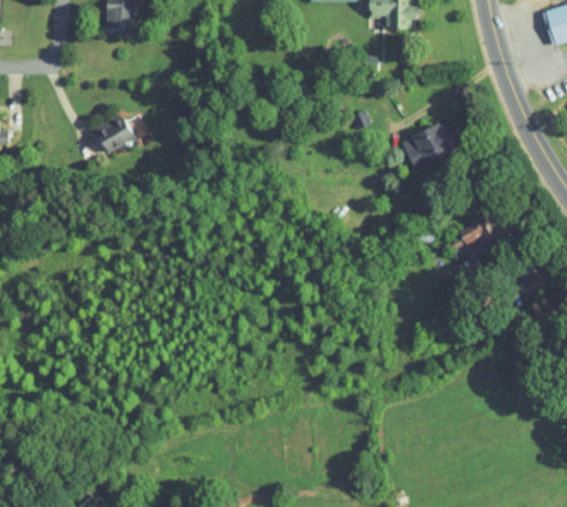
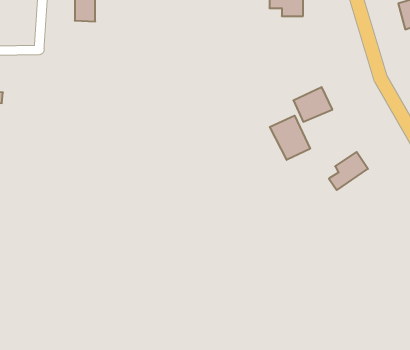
building: [94,114,133,154] -> none
building: none -> [270,116,310,160]

